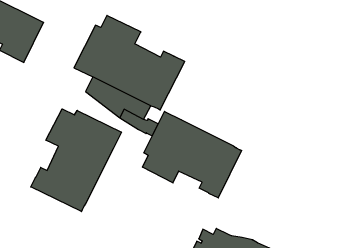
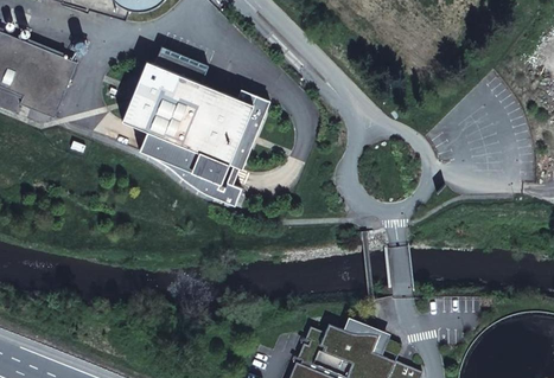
building: [31,109,121,212] -> none
building: [143,111,242,198] -> none

